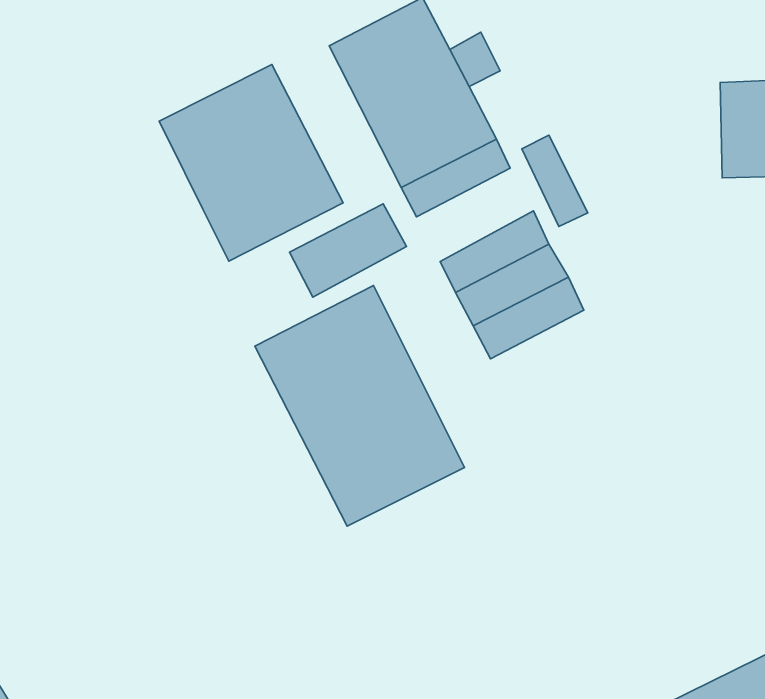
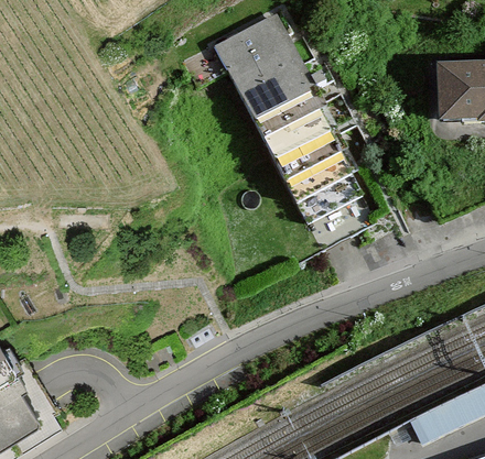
building: [159,64,343,261] -> none
building: [290,204,406,297] -> [267,116,333,168]
building: [255,286,465,526] -> none

